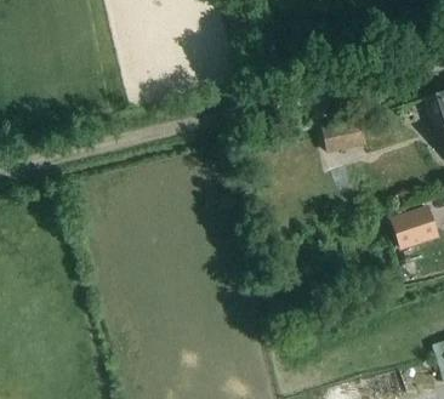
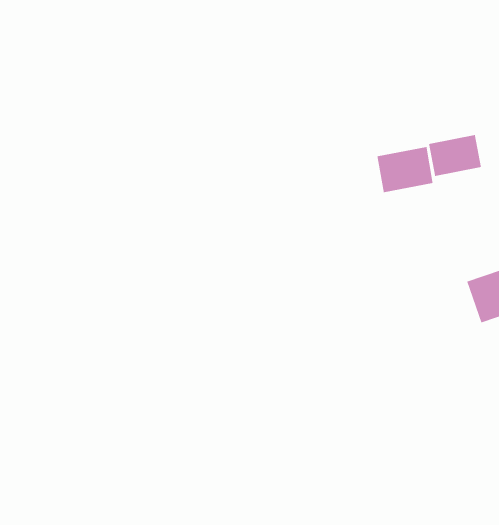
building: none -> [428,134,482,177]

